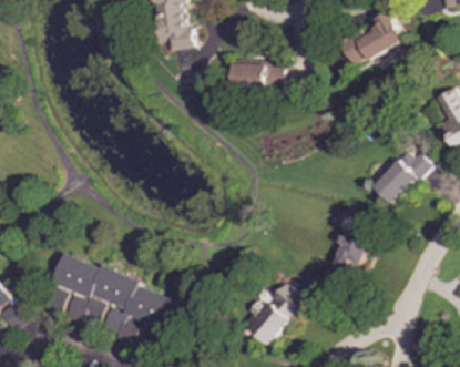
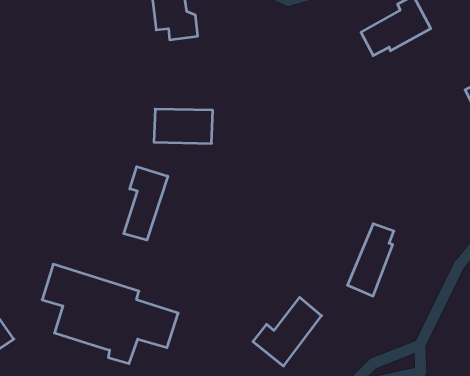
building: [231,61,284,92] -> [154,109,213,143]
building: [372,145,429,203] -> none
building: none -> [124,167,168,240]

